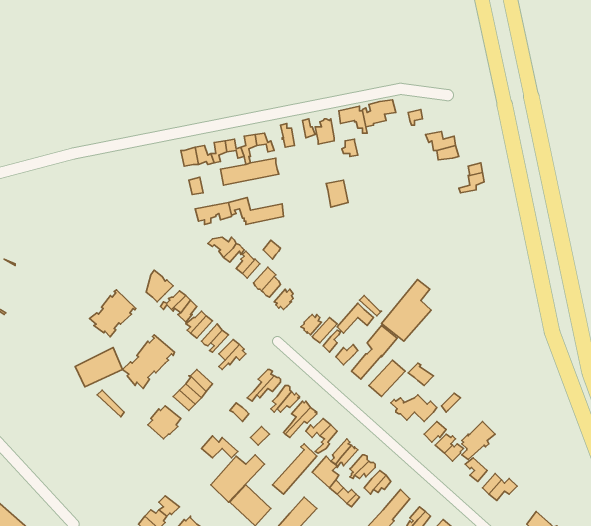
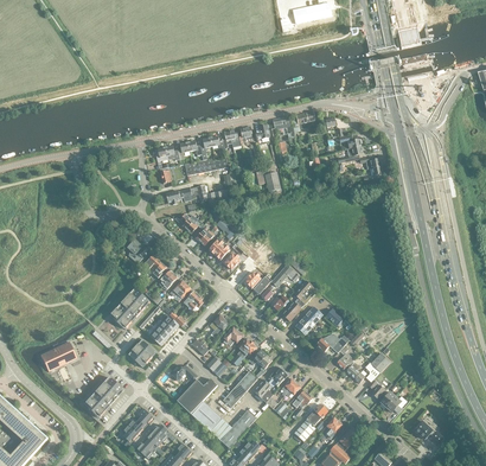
building: [382,280,431,341] -> none
building: [89,290,136,337] -> none
building: [75,347,123,387] -> [40,340,76,370]
building: none -> [84,376,122,415]

